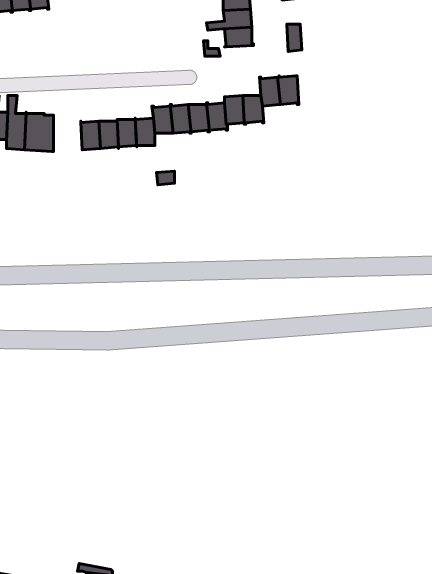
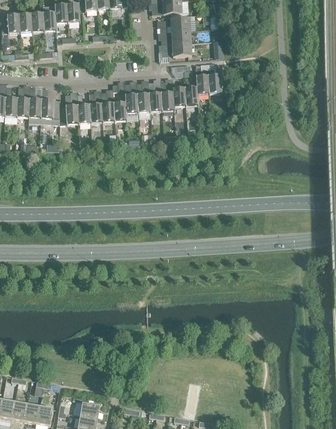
building: none -> [59,93,78,123]

